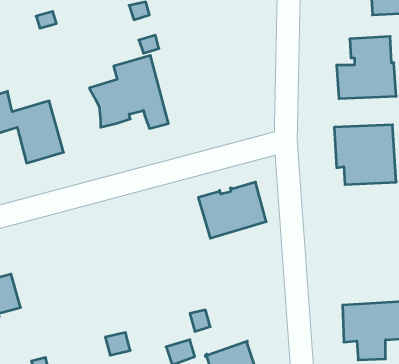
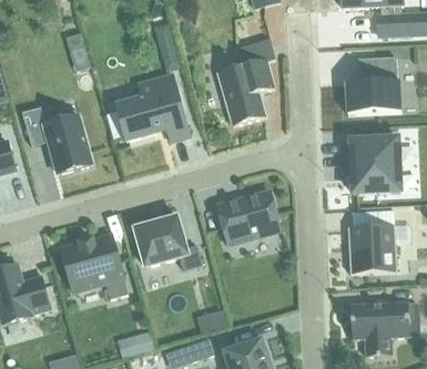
building: none -> [217,38,275,124]
building: none -> [347,208,396,273]
building: none -> [134,216,201,269]
building: none -> [60,233,126,297]

